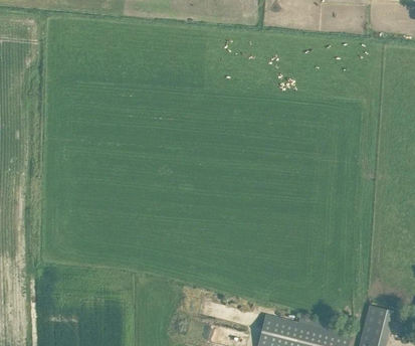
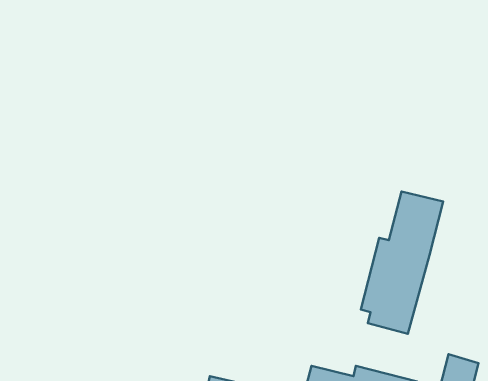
building: none -> [361,191,443,334]

